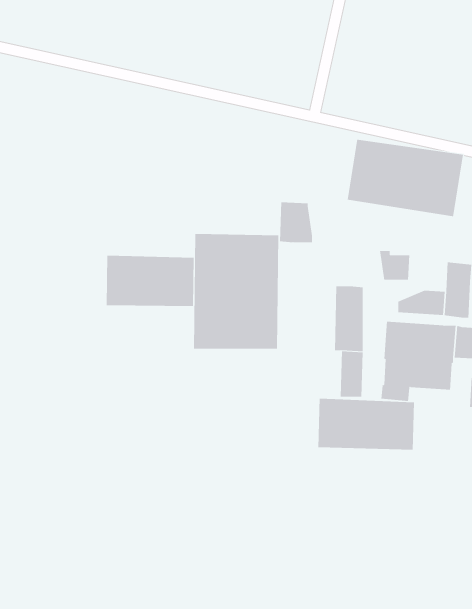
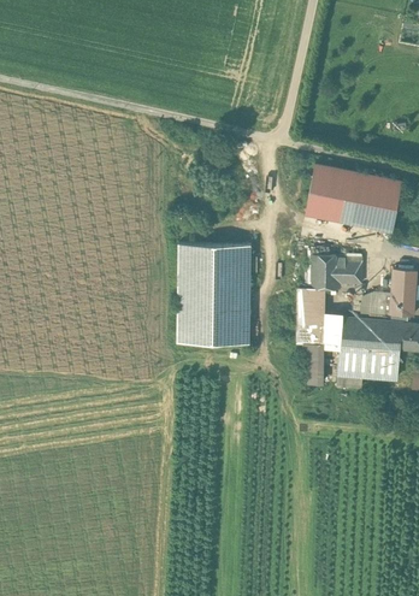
building: [279,202,313,243] -> [311,255,340,290]
building: [106,255,194,307] -> none
building: [318,398,415,451] -> none

